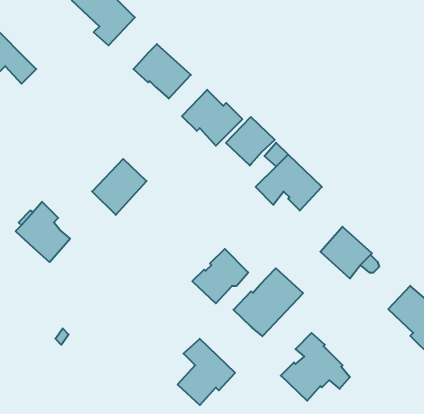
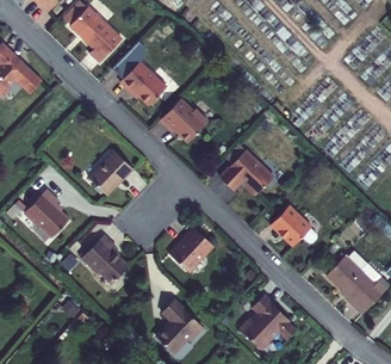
building: [226,117,275,166] -> none
building: none -> [81,235,129,284]
building: [233,268,303,336] -> none

